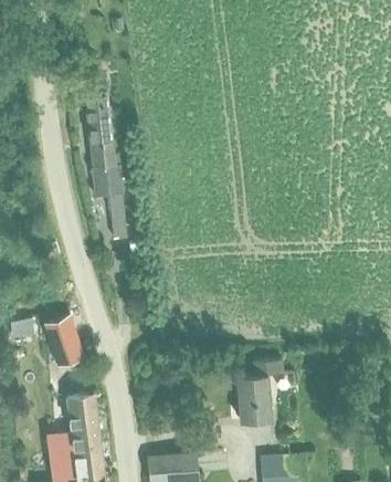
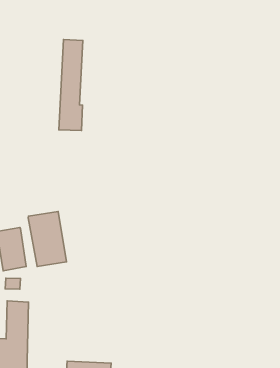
building: none -> [28,212,67,266]
building: [237,364,284,425] -> none

